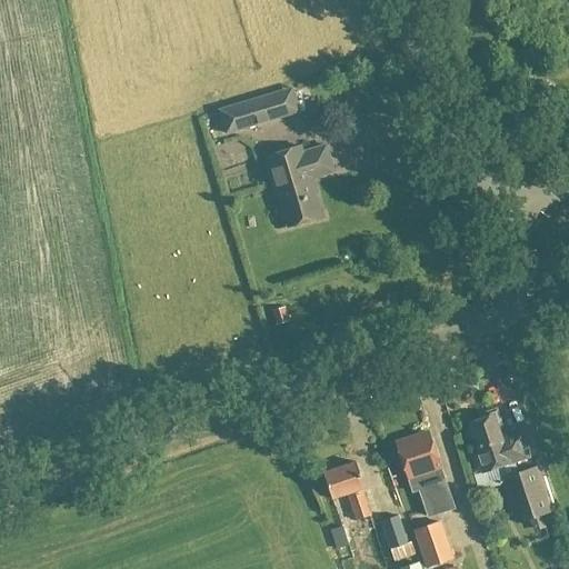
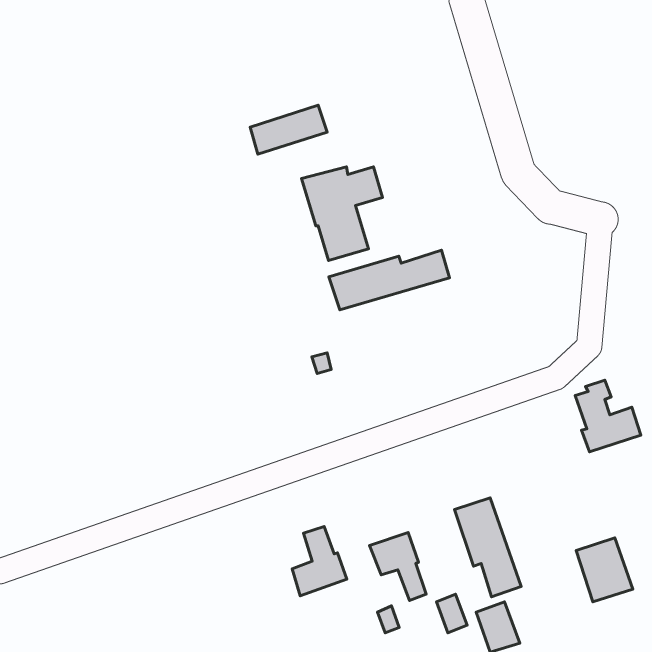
building: none -> [329,250,450,310]
building: [471,408,528,470] -> [575,380,641,452]
building: none -> [292,527,347,596]

